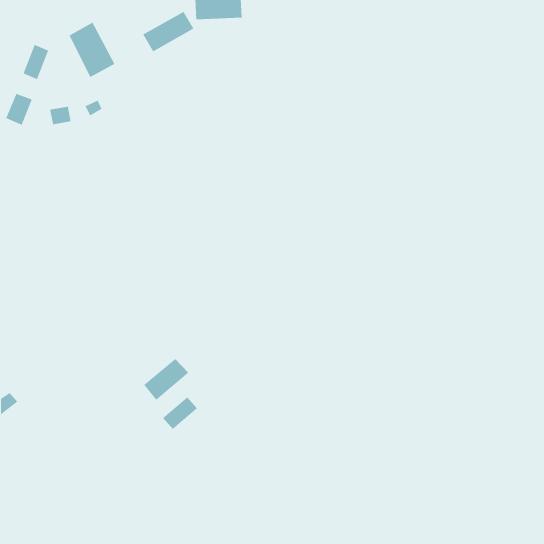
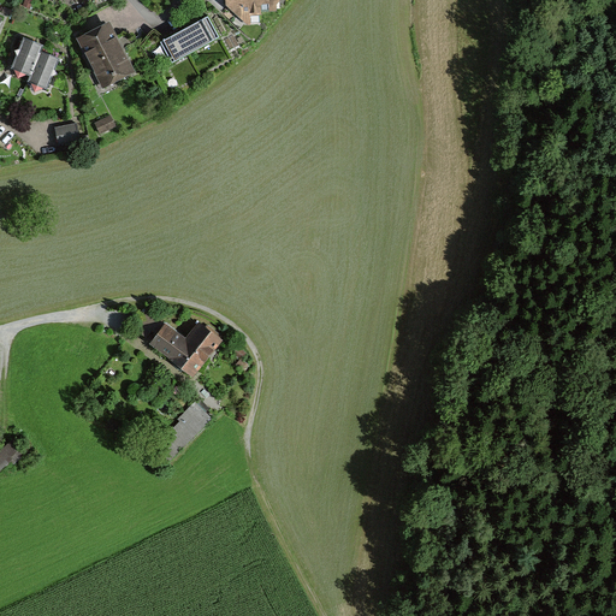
building: [5,93,33,126] -> [8,37,40,75]
building: none -> [152,322,217,372]
building: [162,397,198,430] -> none

